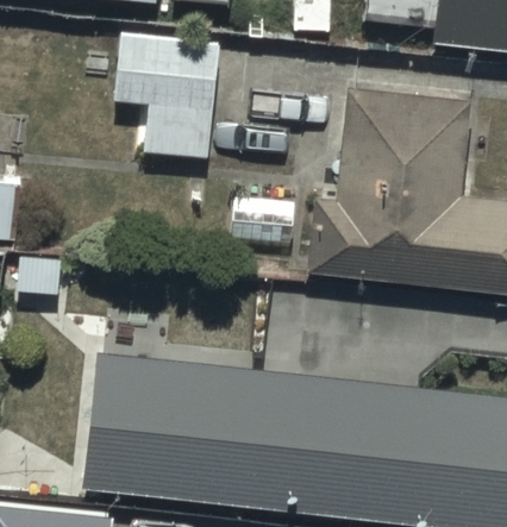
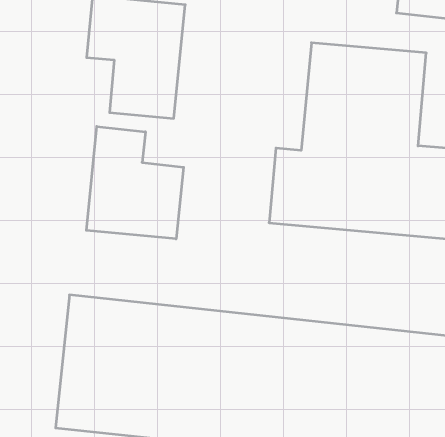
building: none -> [86,126,184,239]

